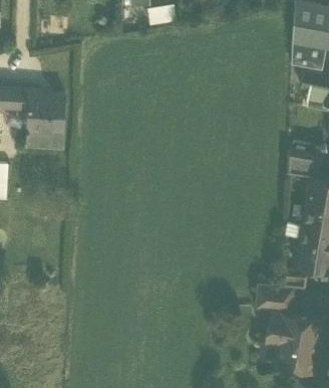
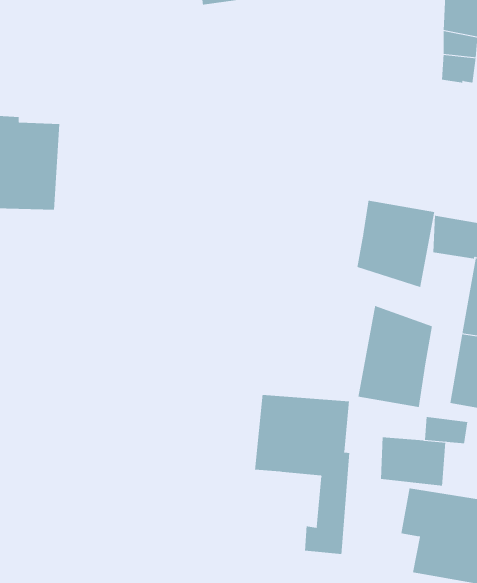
building: none -> [357,200,435,288]
building: none -> [358,305,432,408]
building: none -> [254,394,350,555]

